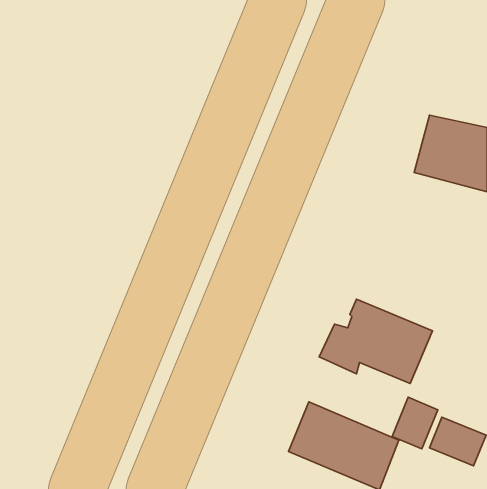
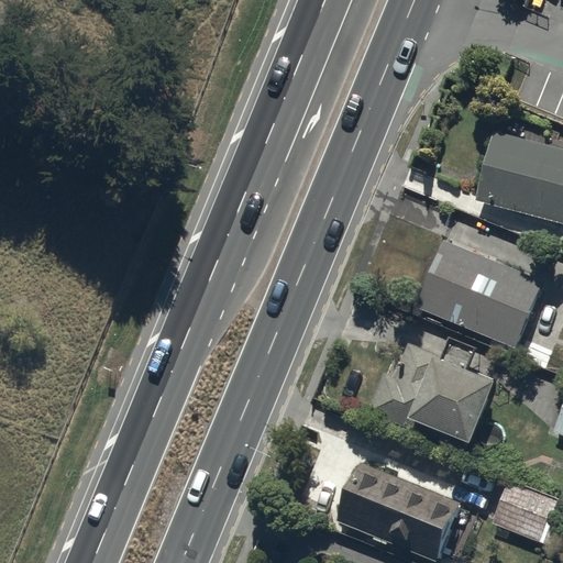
building: none -> [417,239,544,349]
building: [392,397,438,449] -> none

